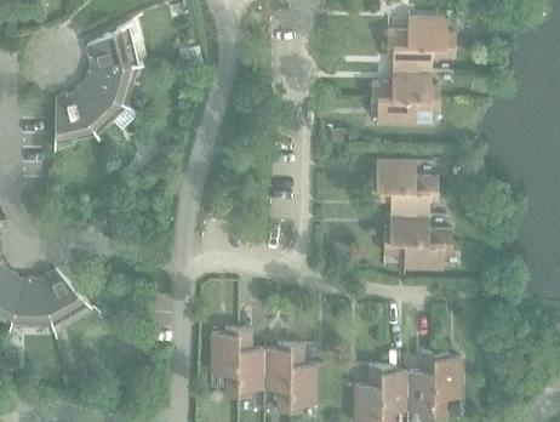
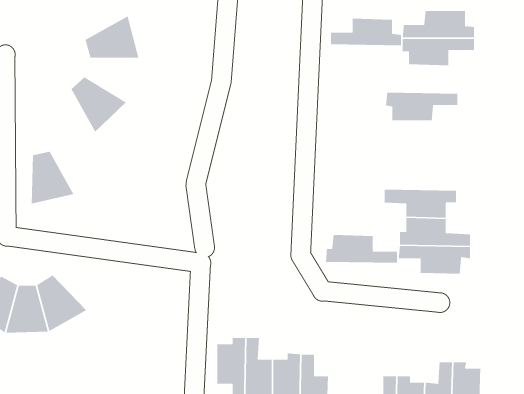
building: [86,65,138,107] -> none
building: [372,72,440,98] -> [330,18,402,46]
building: [55,95,96,146] -> [31,151,74,205]
building: [370,162,439,190] -> [325,234,398,264]

